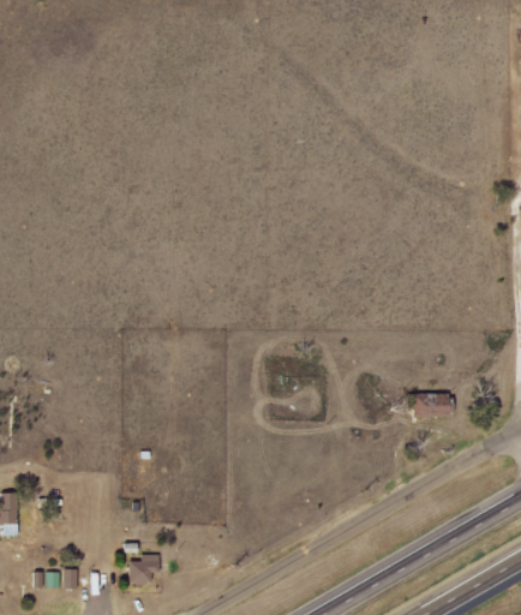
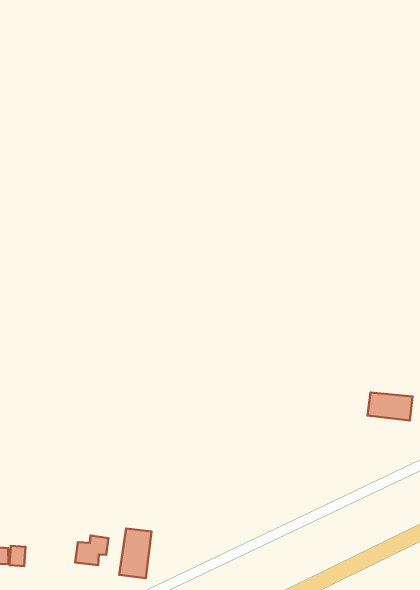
building: none -> [119,528,151,578]

